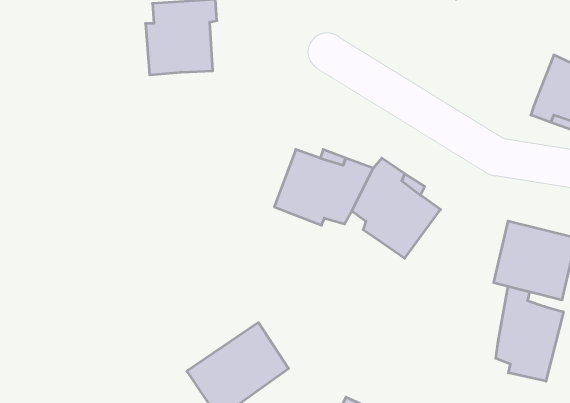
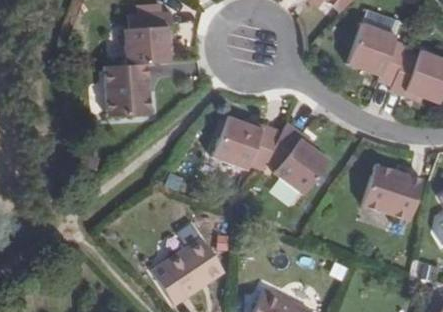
building: none -> [348,22,408,86]
building: none -> [103,62,150,116]
building: [496,286,563,381] -> none

